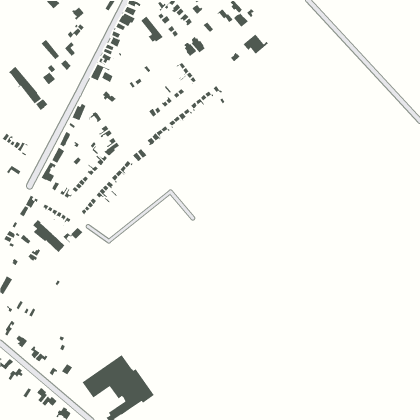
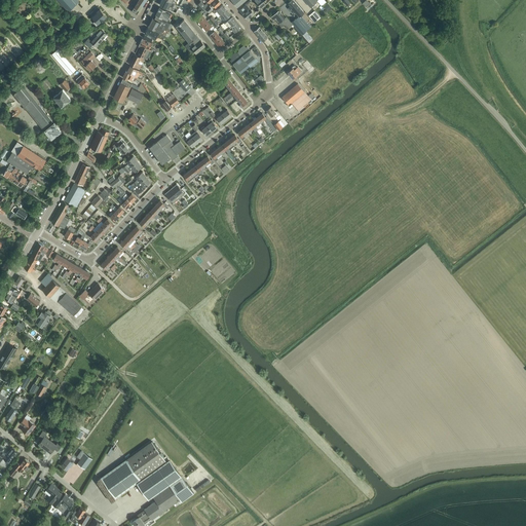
building: [242,34,269,55] -> [280,84,313,111]
building: none -> [148,136,184,165]
building: none -> [6,146,45,174]

